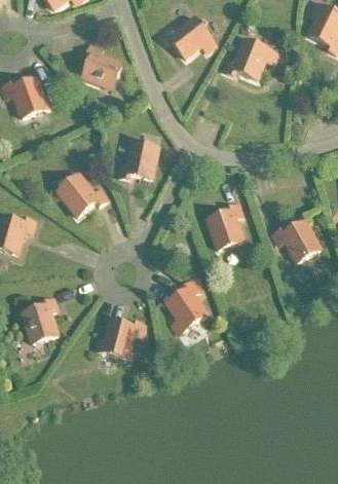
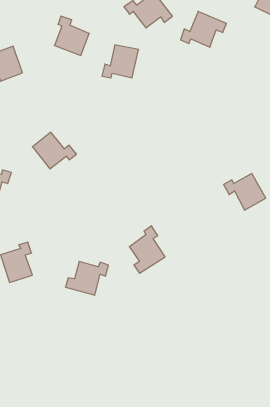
building: [118,141,159,178] -> [102,45,139,78]
building: [208,202,243,249] -> none

